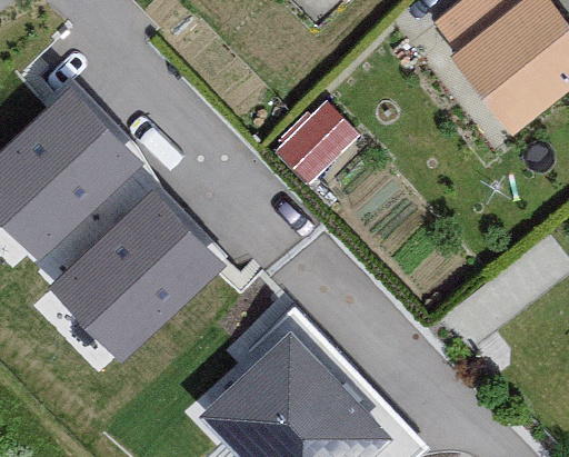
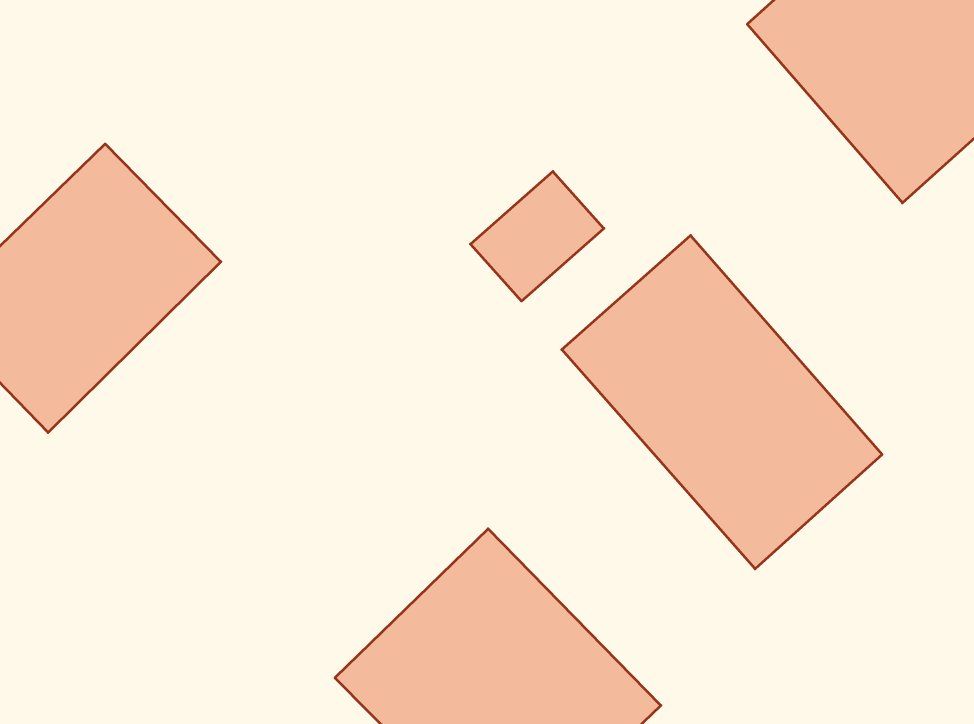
building: none -> [562,235,882,569]
building: [58,201,214,356] -> none

